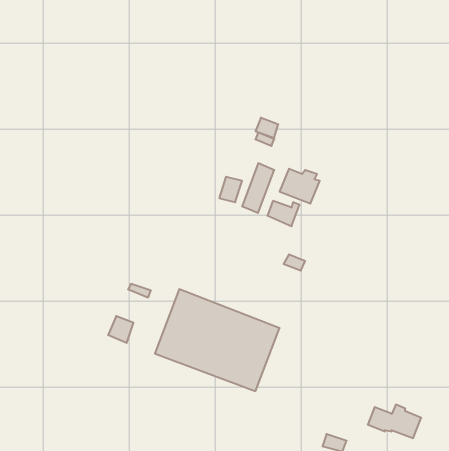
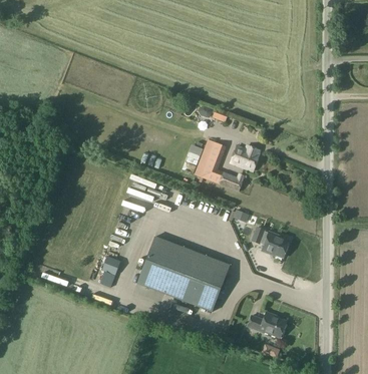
building: none -> [251,225,290,256]
building: [368,405,421,438] -> [246,311,286,336]

